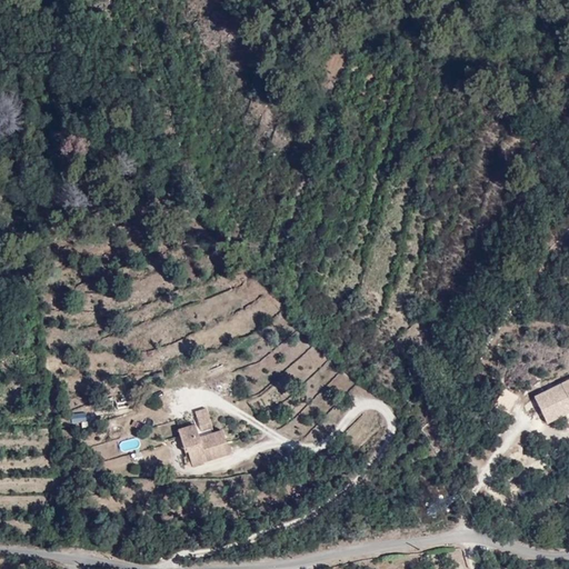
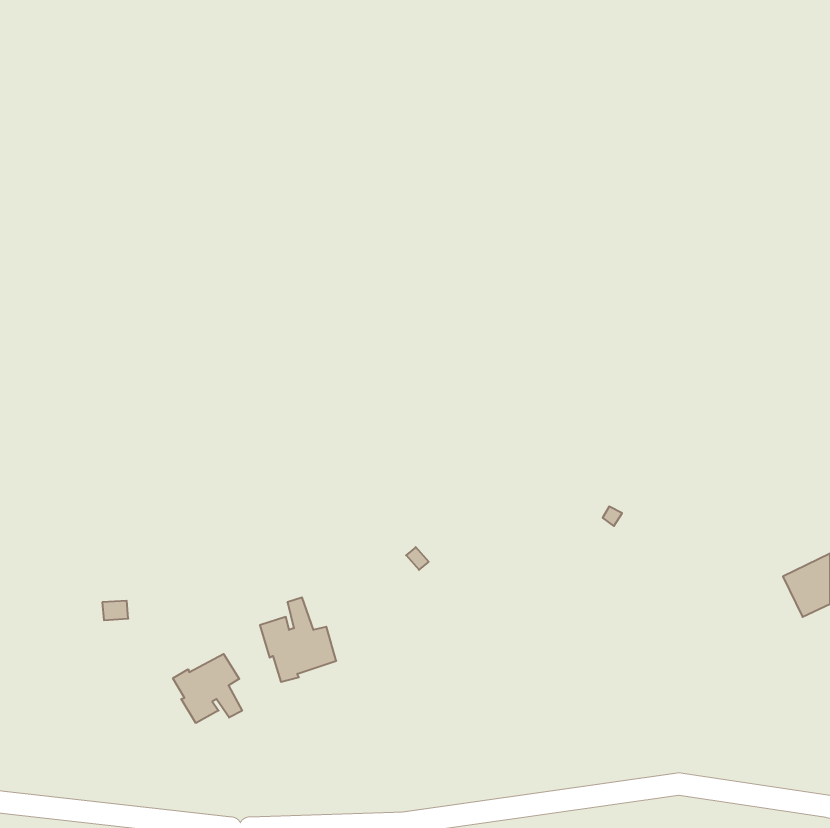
building: none -> [173,654,242,723]

